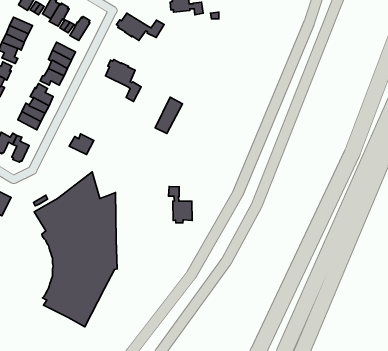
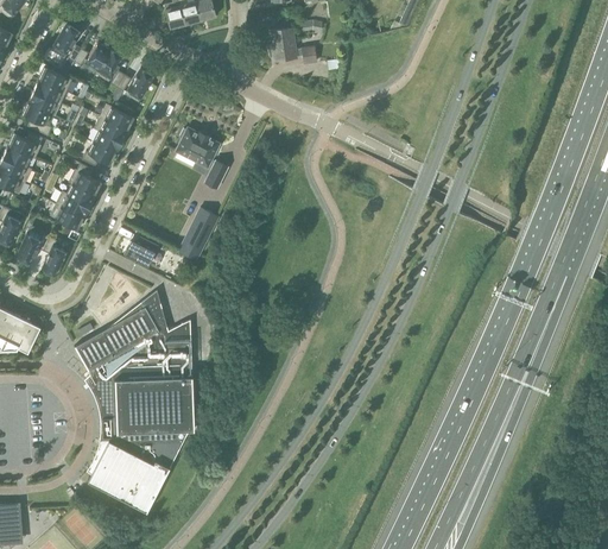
building: [117,13,164,40] -> none
building: [155,97,182,134] -> [179,208,218,260]
building: [169,186,192,223] -> none

